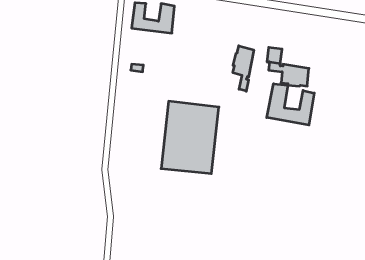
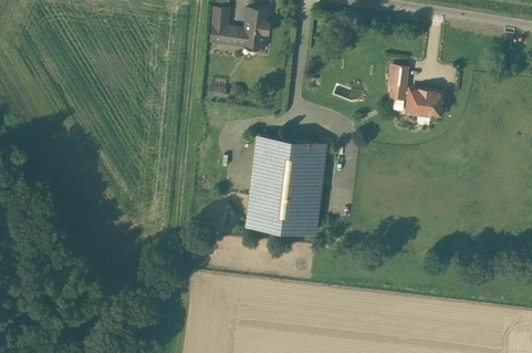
building: [233,46,254,91] -> none
building: [267,84,314,125] -> none

